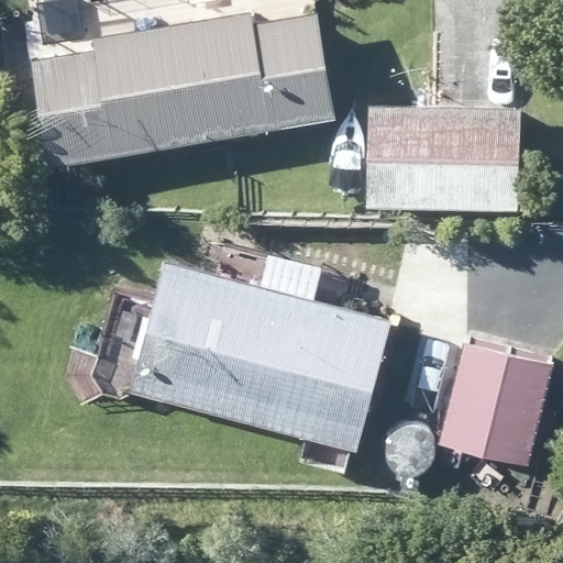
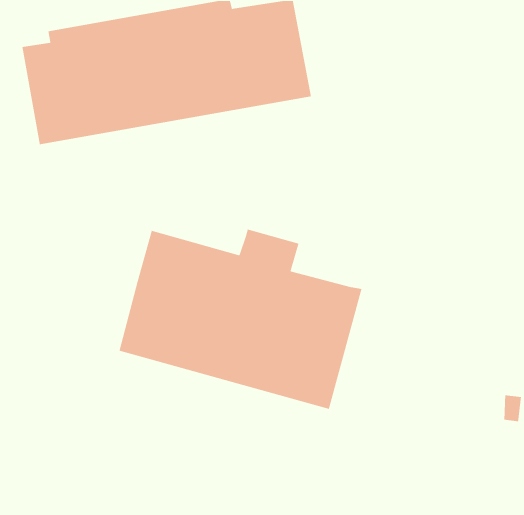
building: [363,107,520,213] -> none
building: [439,344,553,467] -> none

